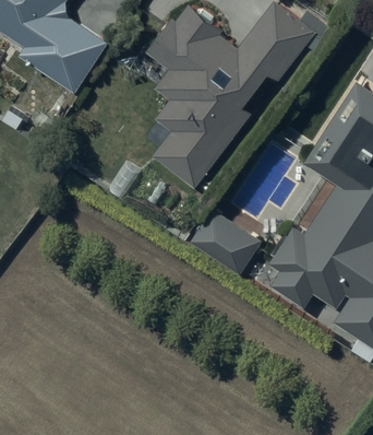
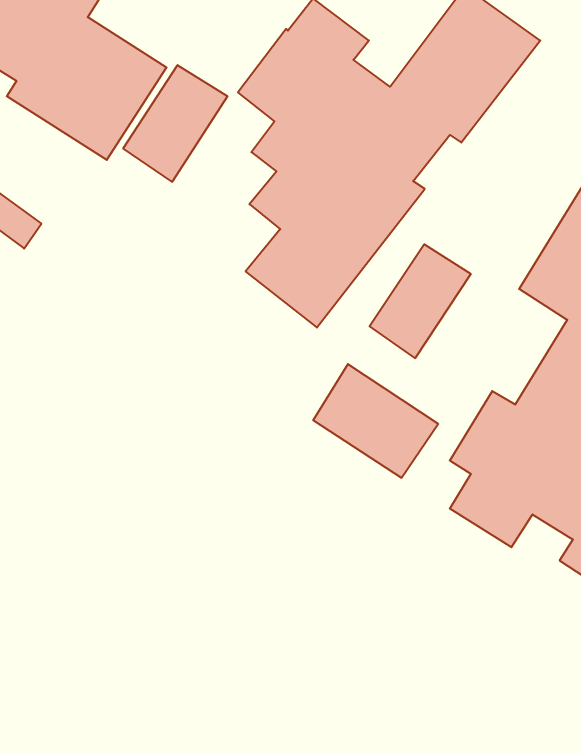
building: none -> [123,65,227,182]
building: none -> [370,244,471,358]

